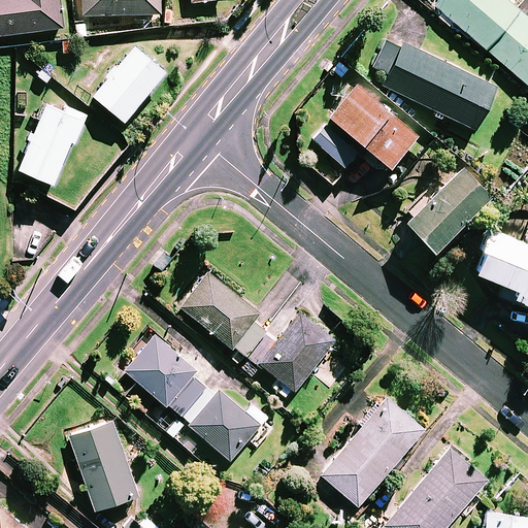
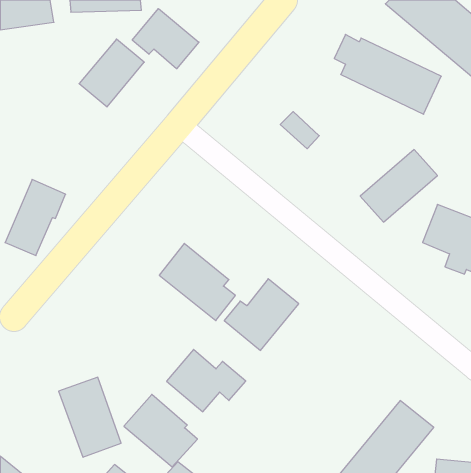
building: none -> [132,9,199,69]
building: [330,86,418,169] -> none
building: [20,99,87,184] -> [5,179,66,256]
building: [126,336,207,417] -> [124,394,197,467]
building: [322,397,423,505] -> none

